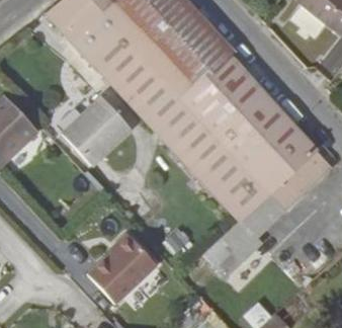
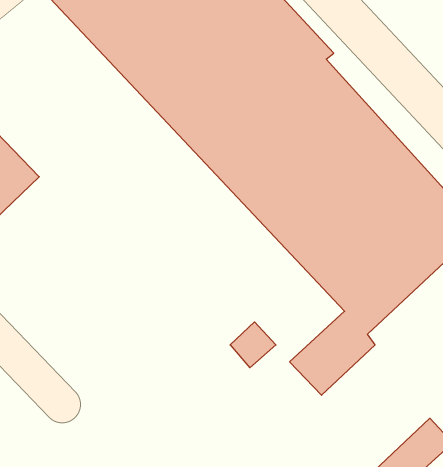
building: [64,97,133,165] -> none
building: [87,233,156,303] -> none

